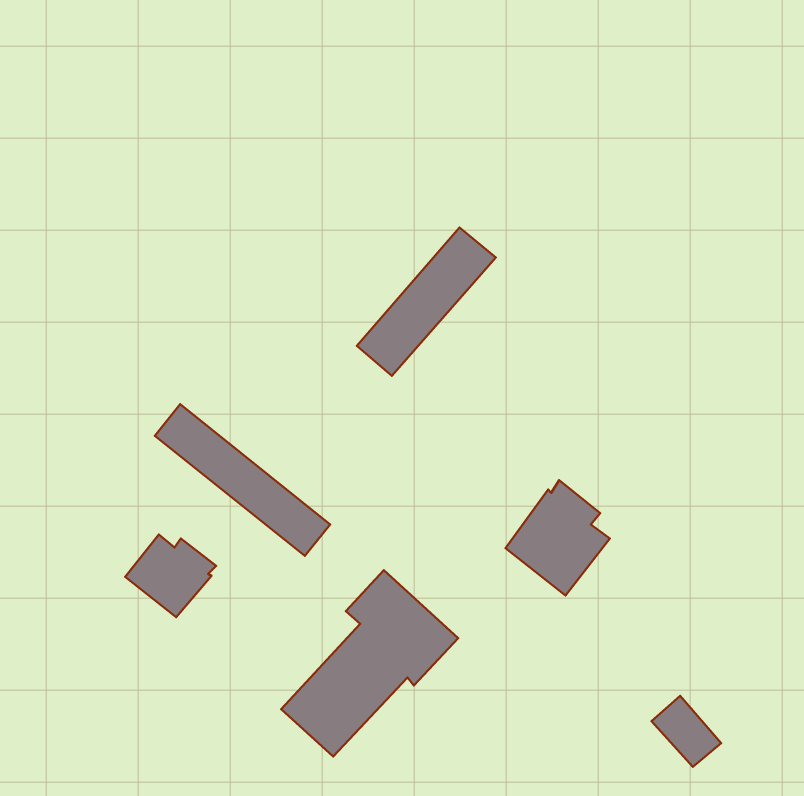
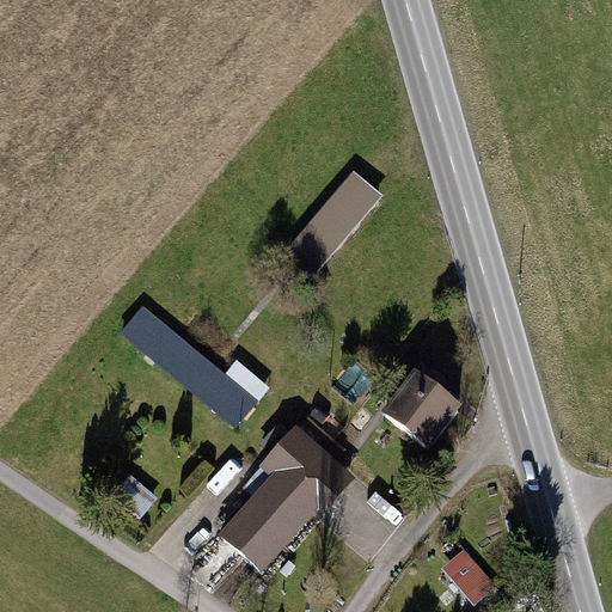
building: [125,535,216,617] -> none
building: [652,696,721,767] -> [440,541,492,595]

